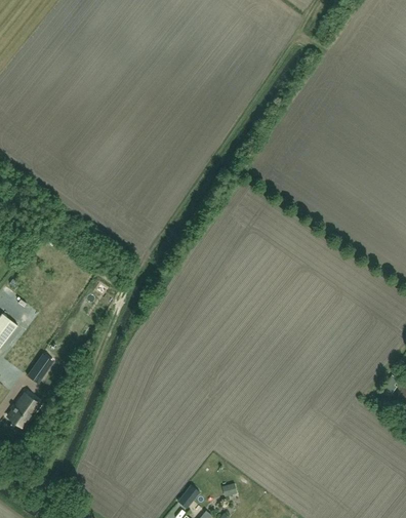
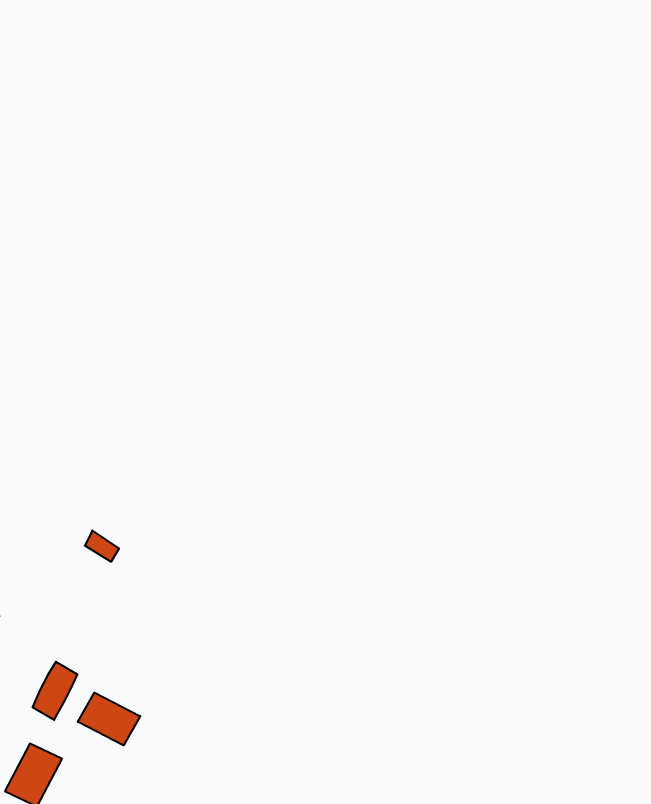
building: none -> [78,693,140,745]

